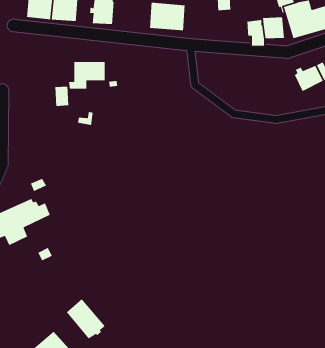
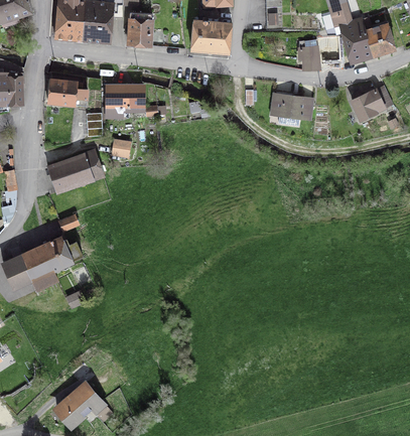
building: none -> [47,79,87,106]
building: none -> [269,94,311,125]
building: none -> [46,150,103,192]
building: [66,298,106,340] -> none

